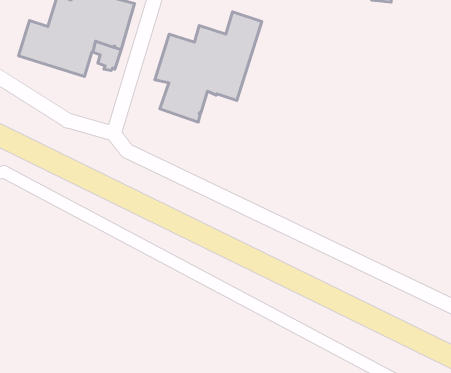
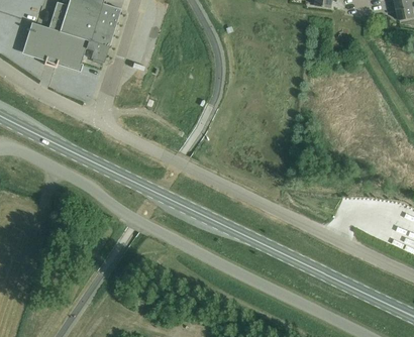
building: [155,12,262,122] -> none

